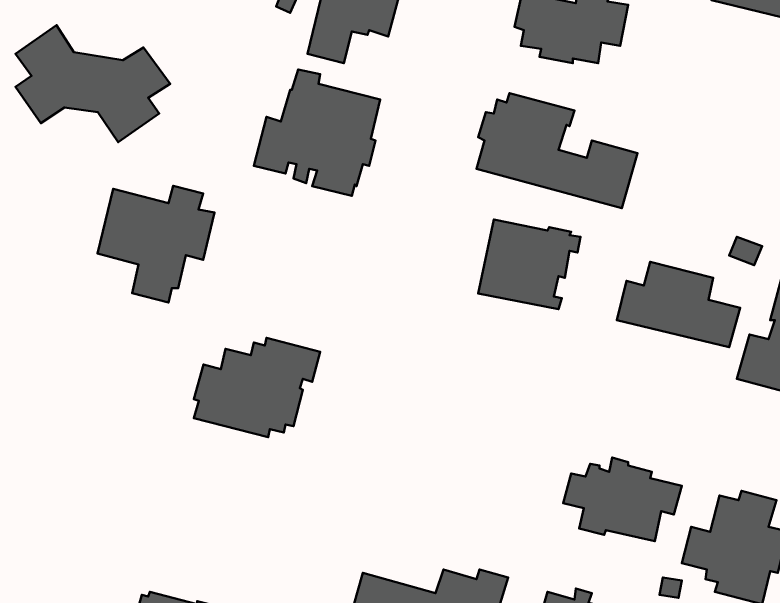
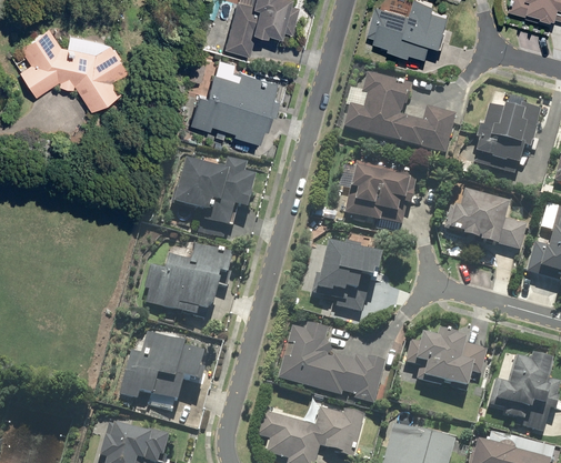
building: none -> [473,102,541,174]
building: [98,186,214,303] -> [173,155,256,238]
building: none -> [310,240,383,312]
building: none -> [278,321,384,404]
building: none -> [119,331,206,409]

